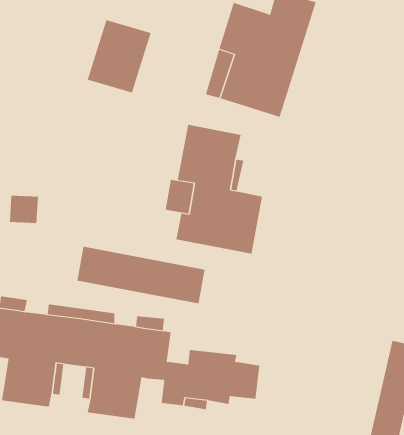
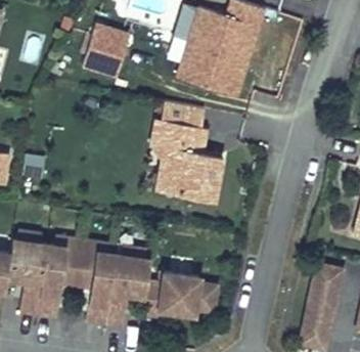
building: [77,246,205,304] -> none

